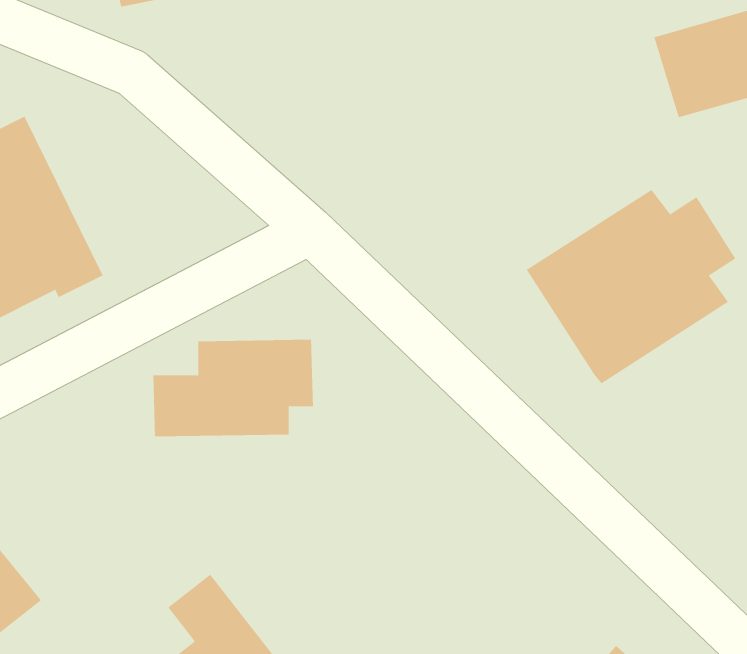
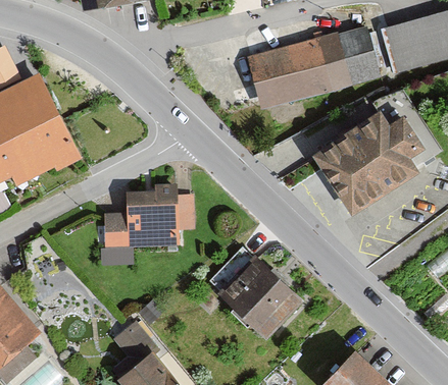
building: none -> [243,25,378,109]
building: none -> [210,246,308,338]

